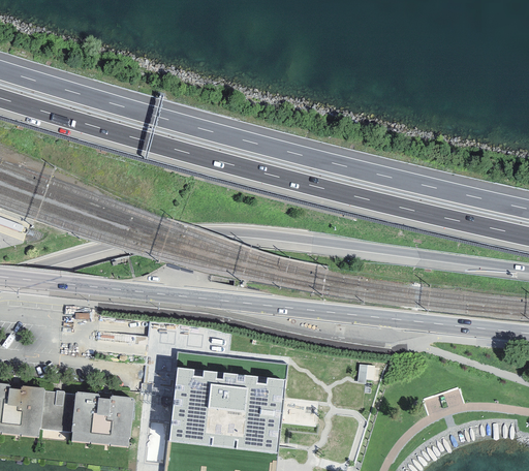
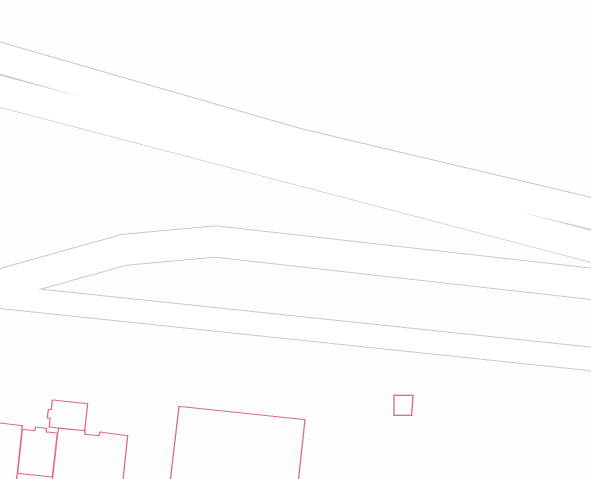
building: none -> [47,400,87,431]

